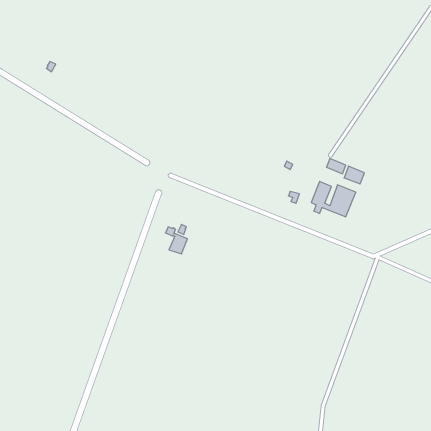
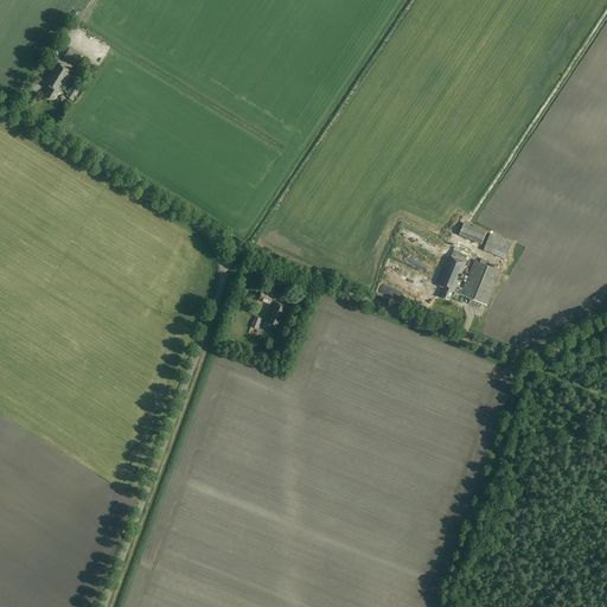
building: none -> [44,62,71,100]
building: [165,227,187,254] -> [260,290,290,328]

